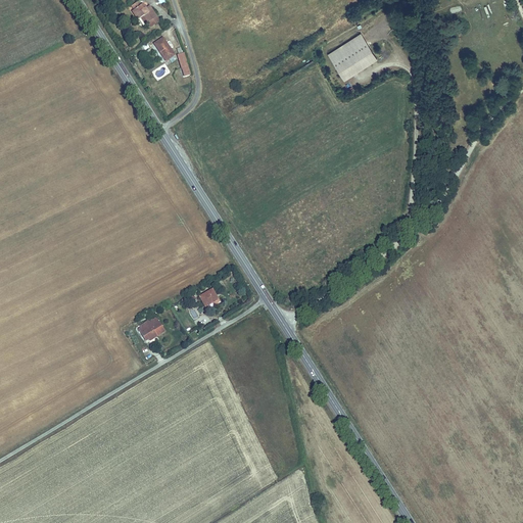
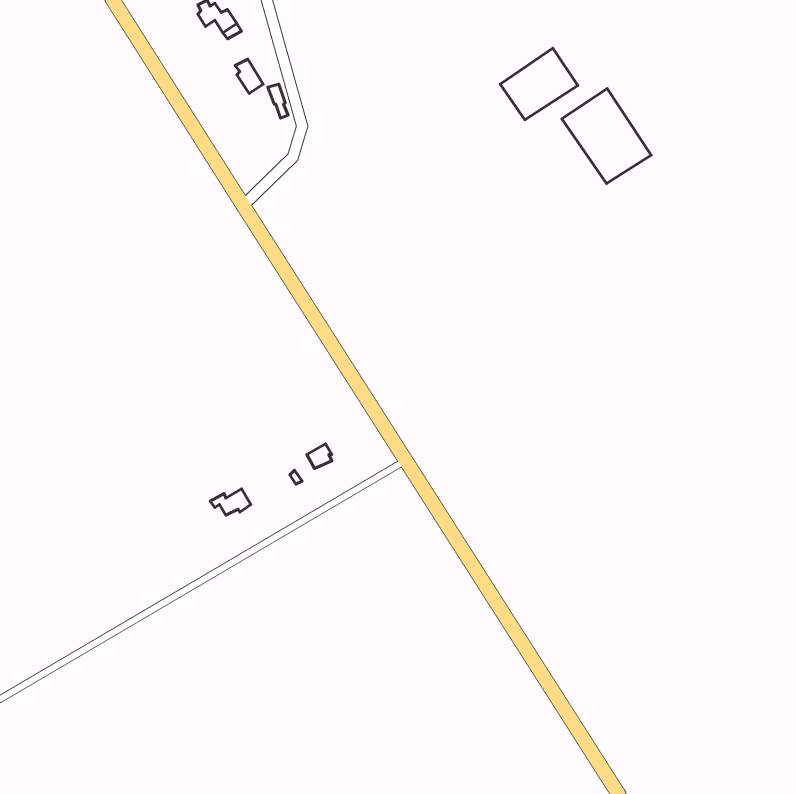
building: none -> [562,88,651,184]

